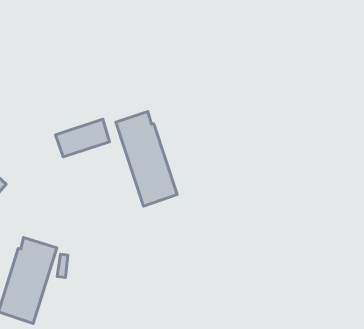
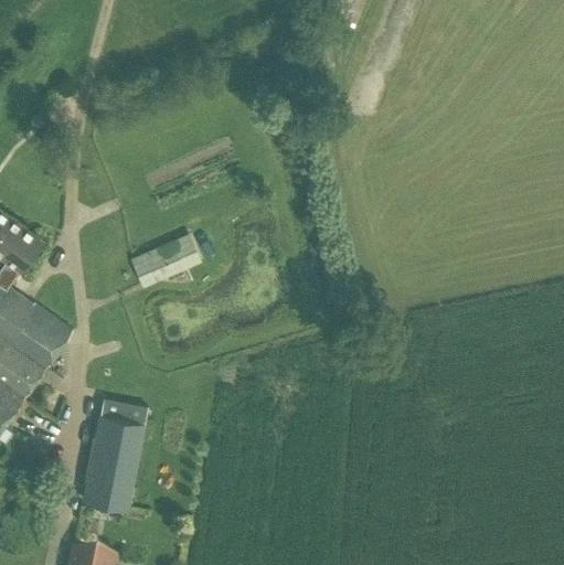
building: [116,111,177,206] -> none

